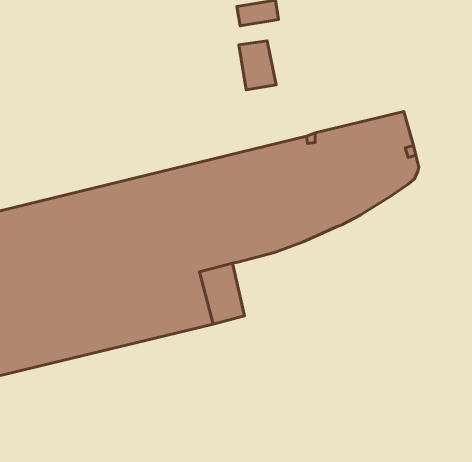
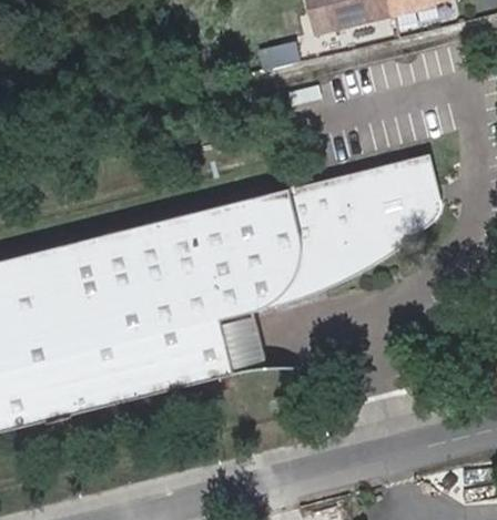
building: [239,41,276,90] -> none

